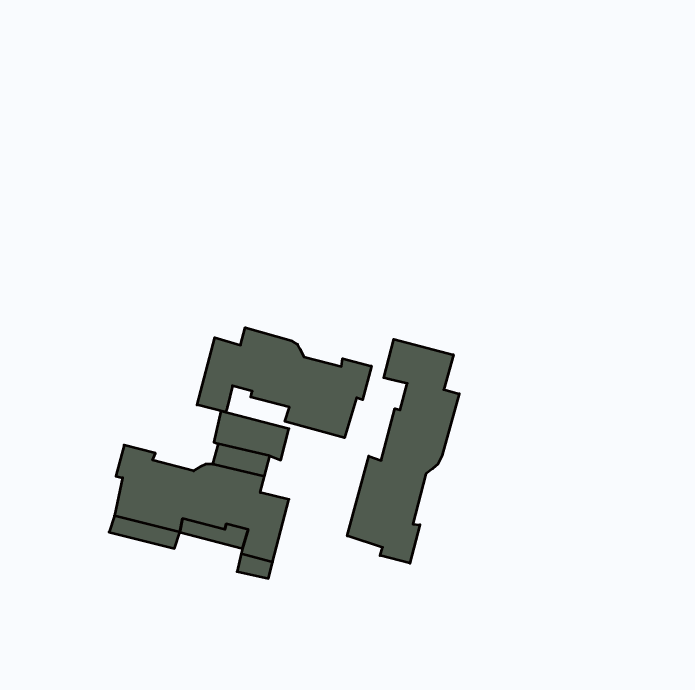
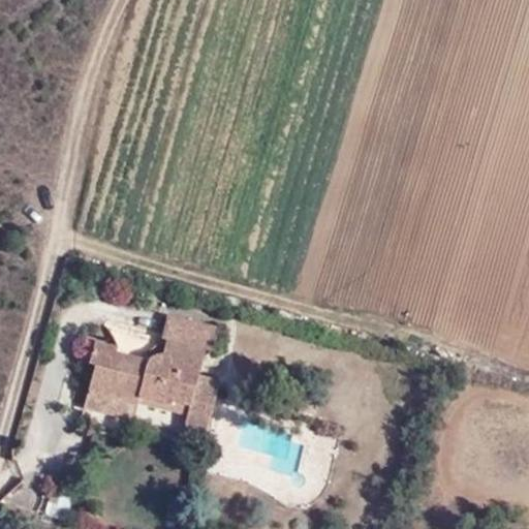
building: [197,328,371,438] -> none
building: [347,339,459,563] -> none

